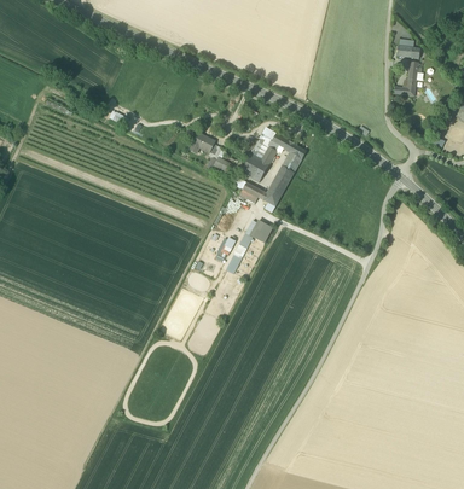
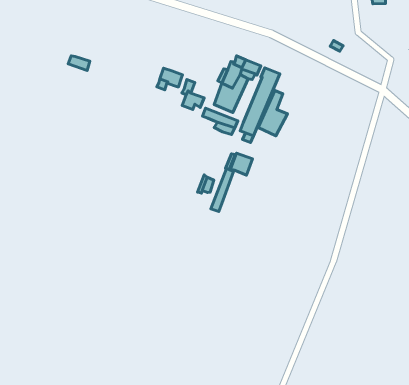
building: none -> [258,91,287,136]

